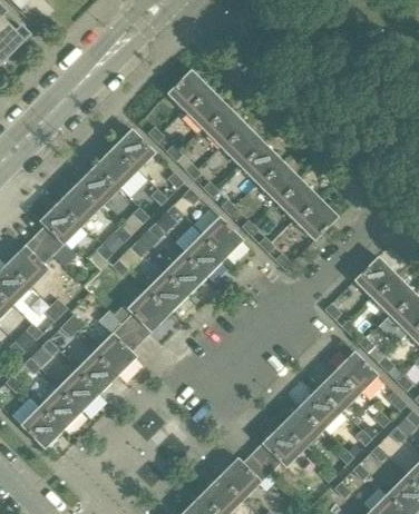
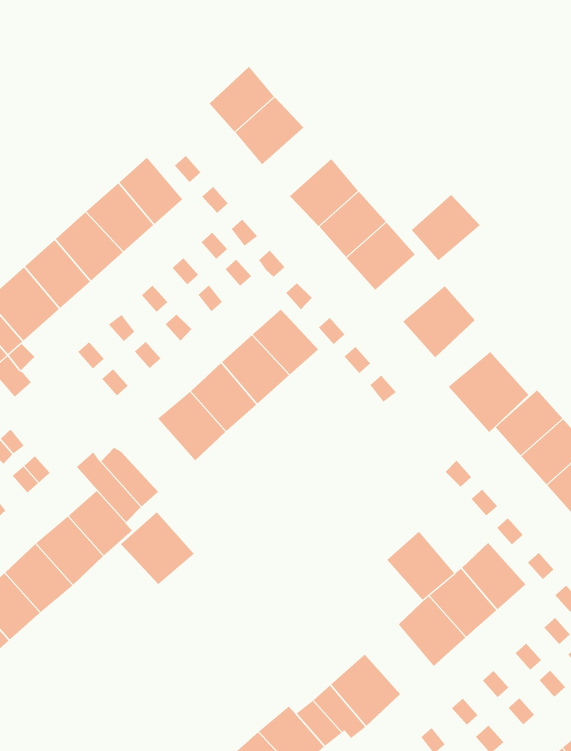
building: [202,105,244,147] -> none
building: [275,178,318,219] -> [411,194,480,261]
building: none -> [448,351,529,433]
building: [126,287,172,332] -> [120,512,195,585]
building: [282,404,324,446] -> [386,531,455,600]

